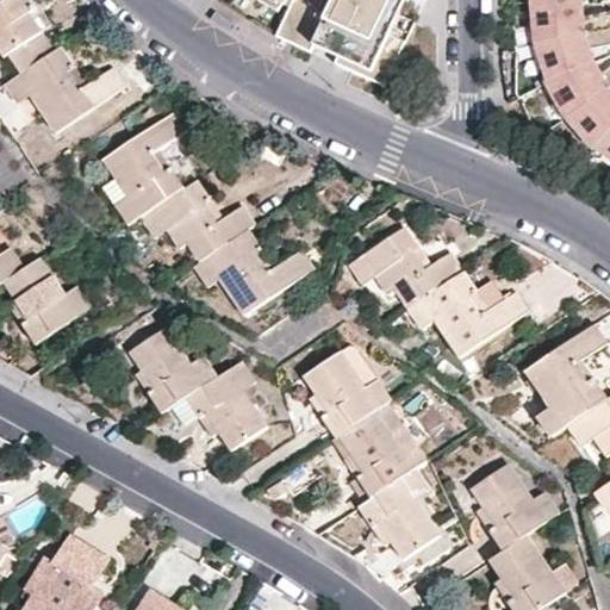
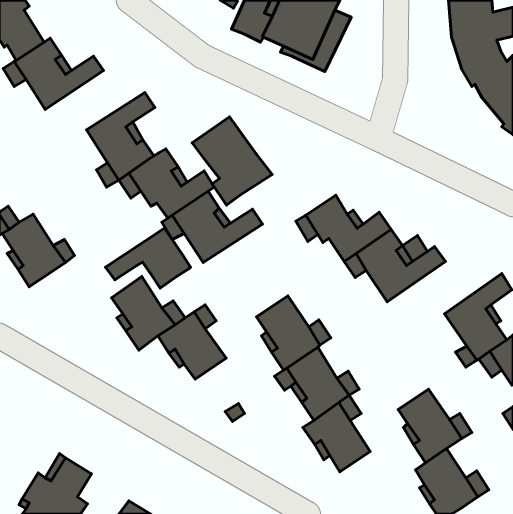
building: none -> [192,117,272,205]
building: none -> [105,228,190,288]

